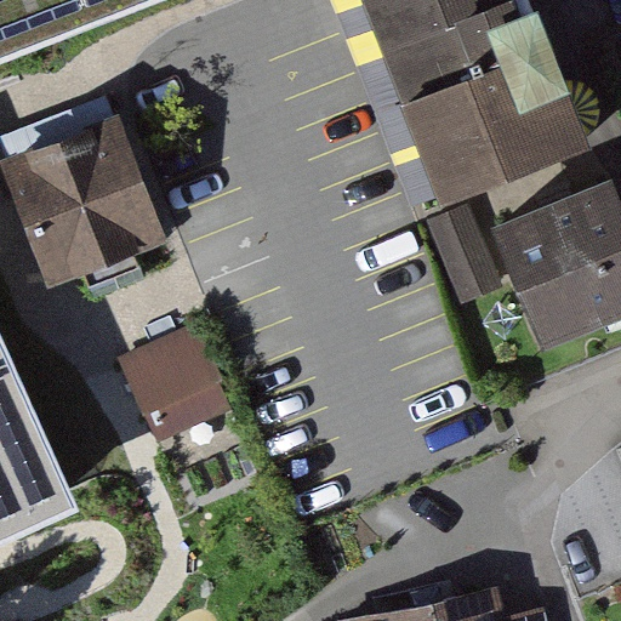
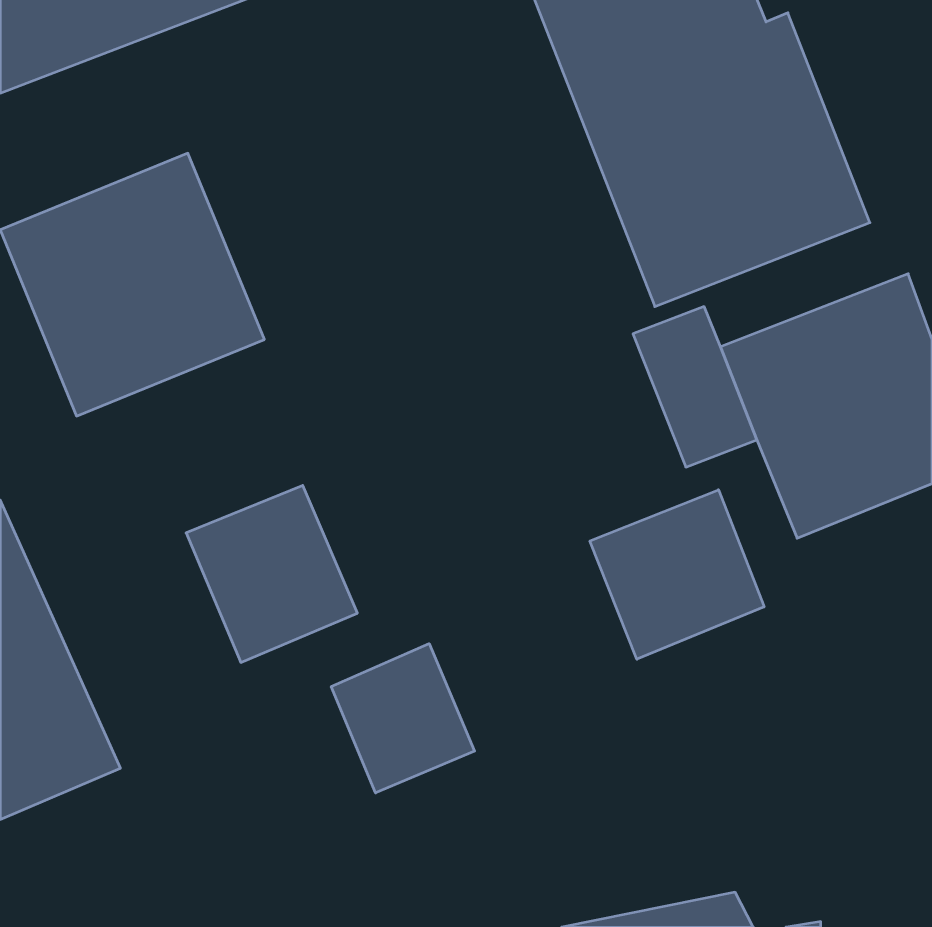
building: none -> [590,490,764,659]
building: none -> [331,644,475,793]

